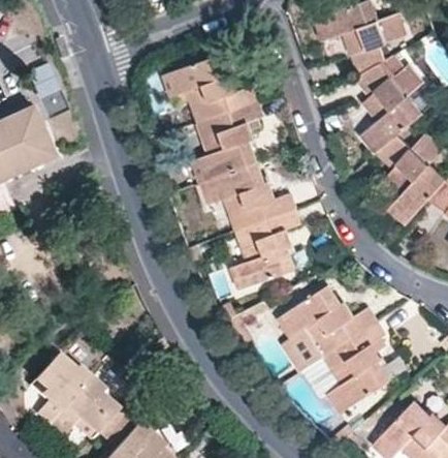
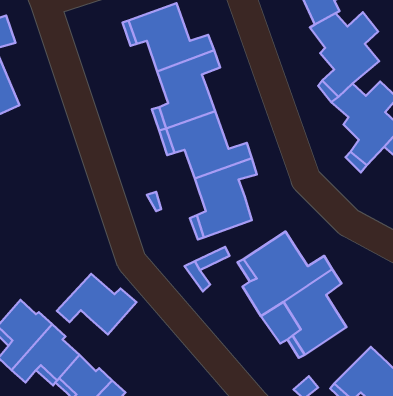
building: none -> [57,274,136,334]

